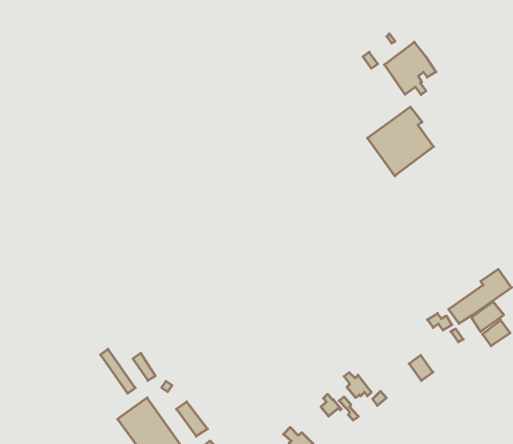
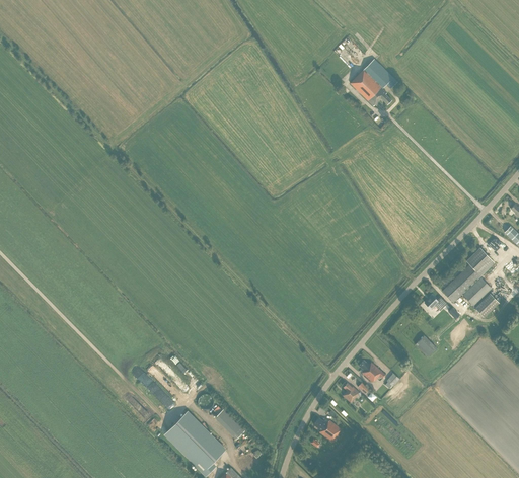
building: [367,107,434,176] -> none

